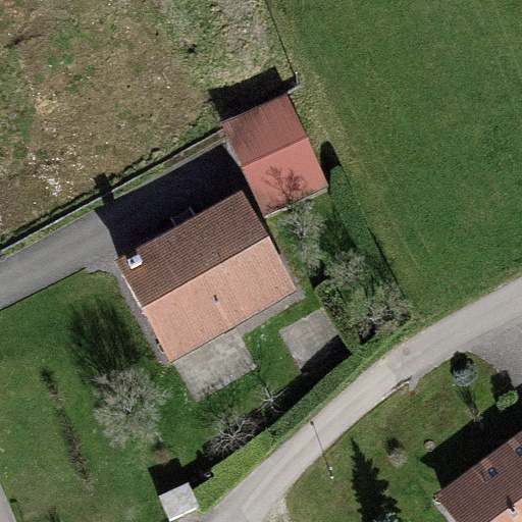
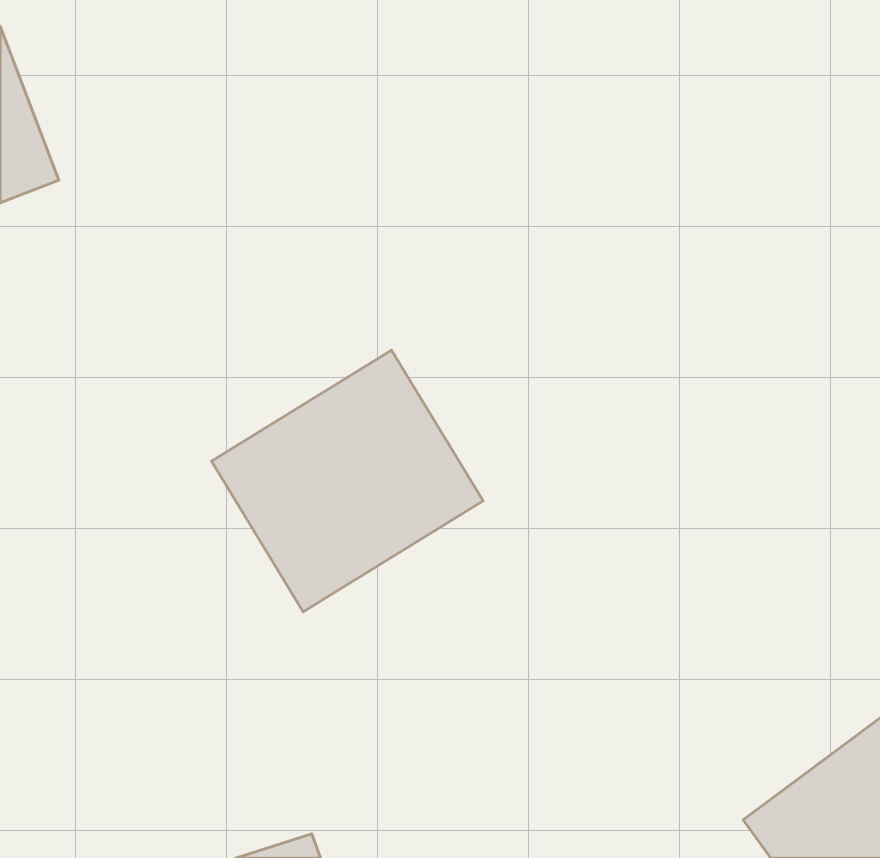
building: [225,103,323,211] -> none

